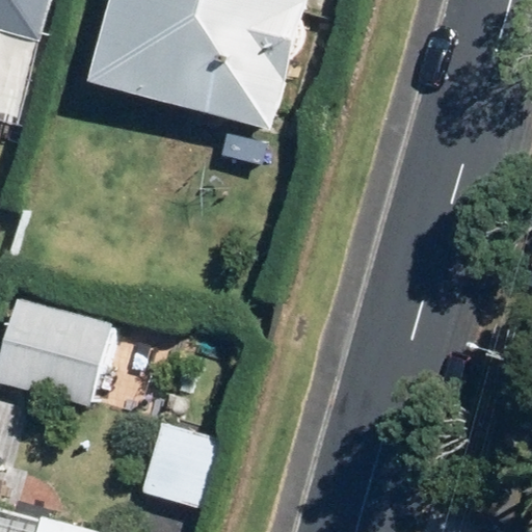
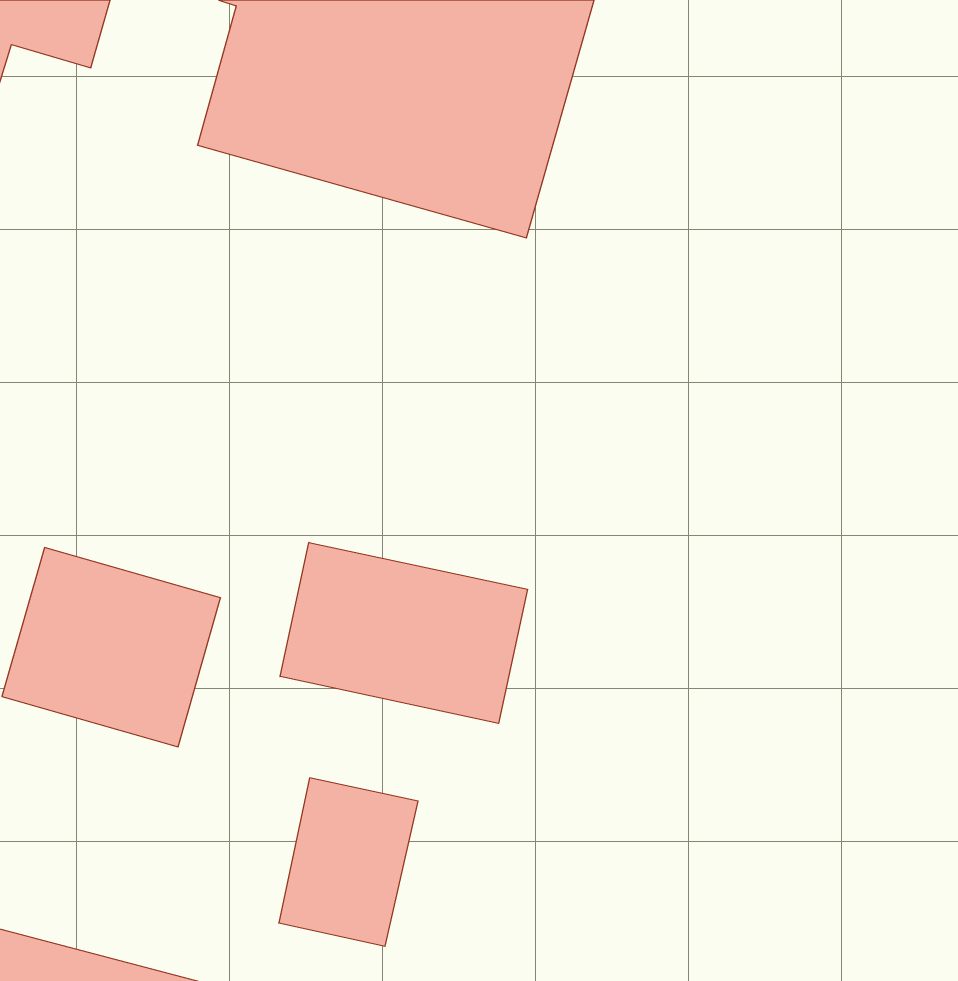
building: none -> [280,542,527,723]

